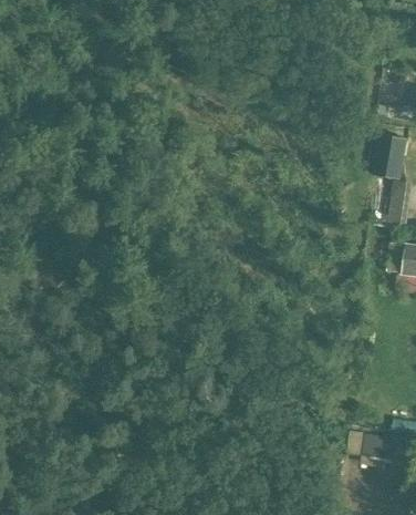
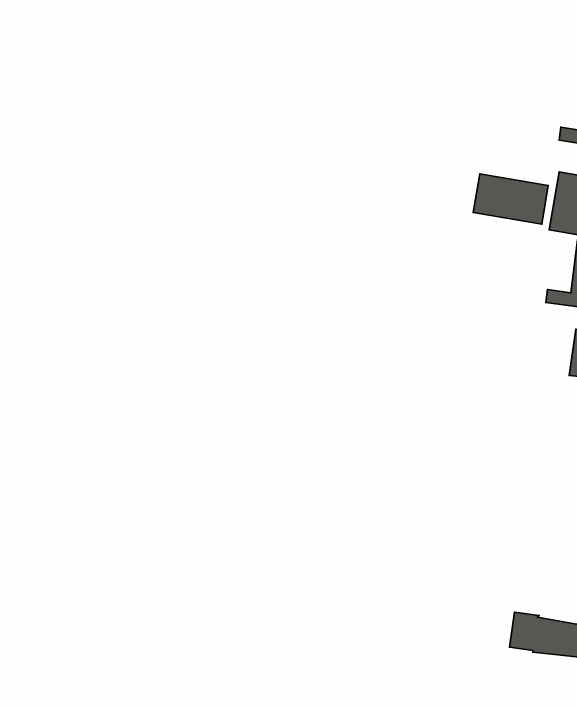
building: none -> [473,174,548,224]

